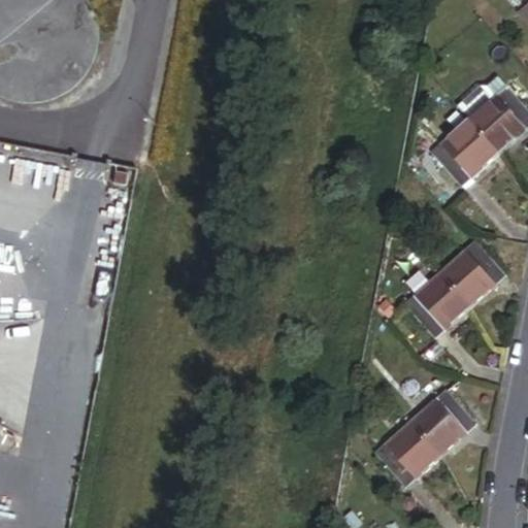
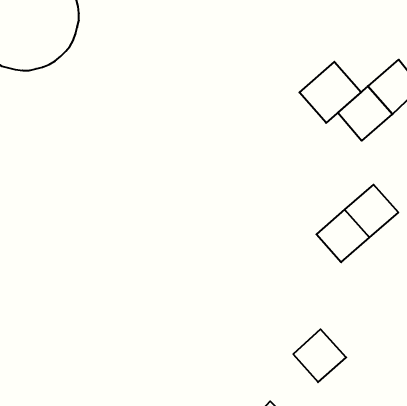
building: none -> [299,62,361,123]
building: [408,388,475,455] -> none

